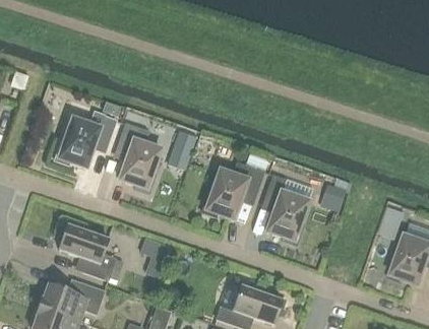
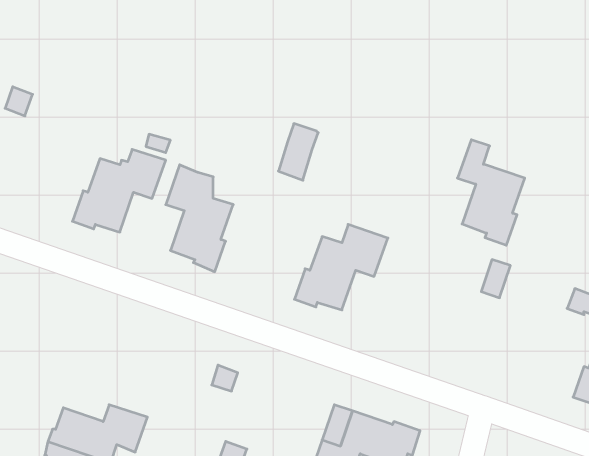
building: [168,130,194,168] -> [278,124,318,180]
building: [263,175,308,245] -> [457,140,525,245]
building: [58,221,115,279] -> none

